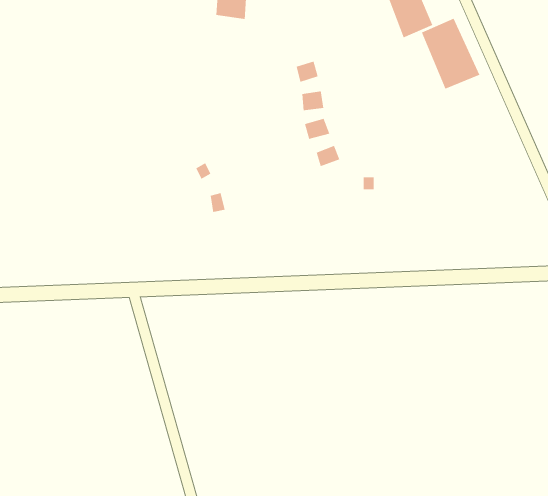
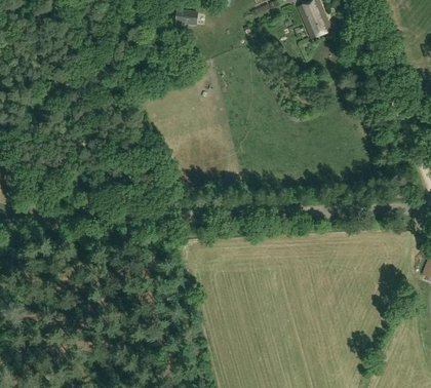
building: [421,18,480,89] -> none

